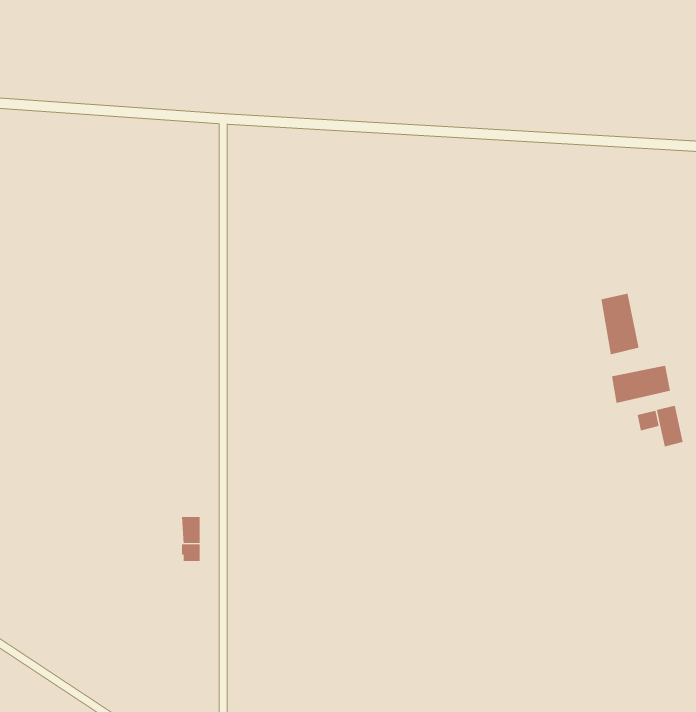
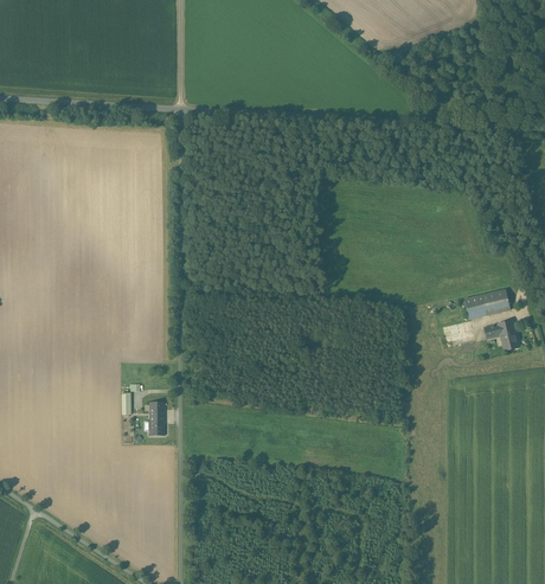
building: [601,293,639,355] -> none

